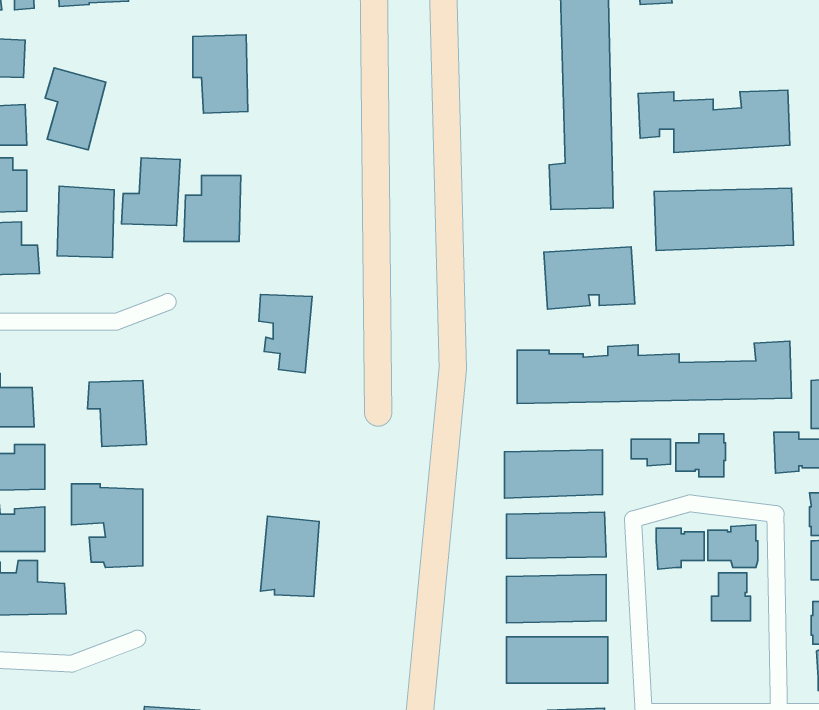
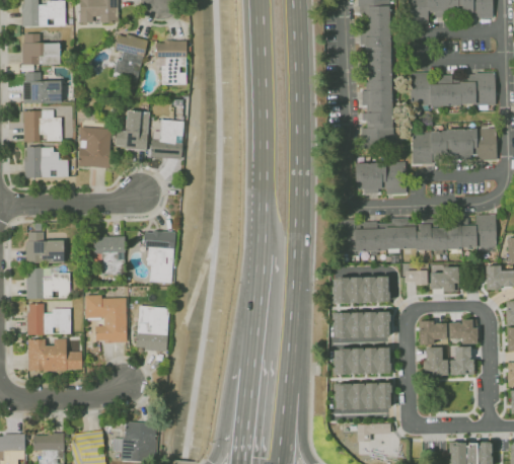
building: [45,68,106,150] -> [113,32,147,79]
building: [259,295,312,373] -> [145,232,175,277]
building: [260,516,319,596] -> [137,306,170,352]
building: none -> [423,346,447,376]

